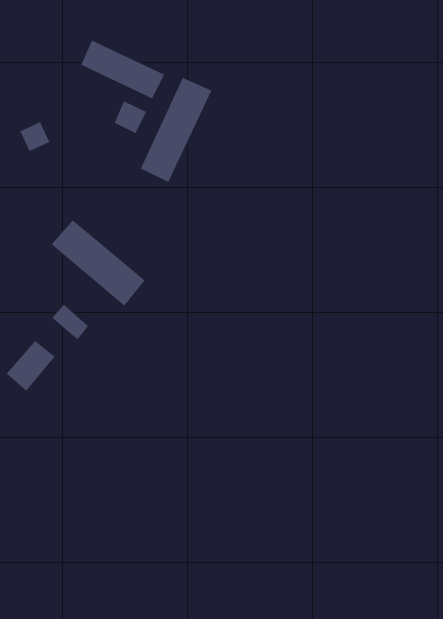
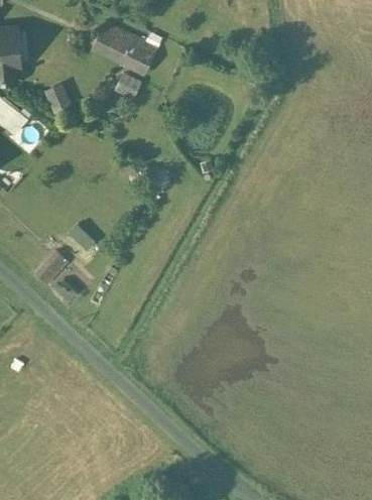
building: [140,77,212,183] -> none
building: [51,220,146,307] -> none

